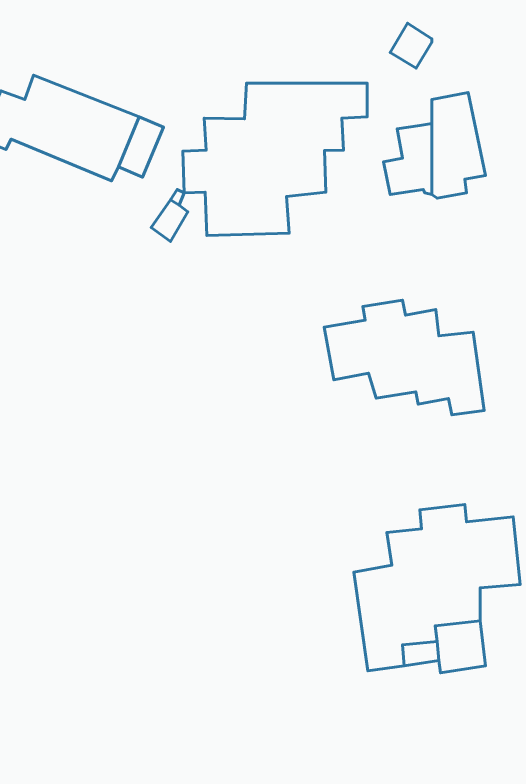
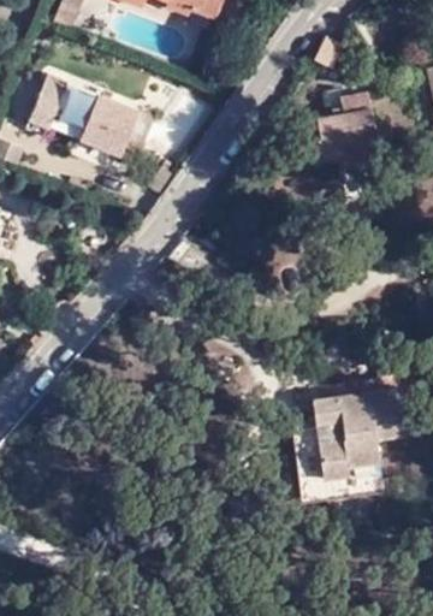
building: [183,83,367,236] -> none
building: [324,300,484,415] -> none

